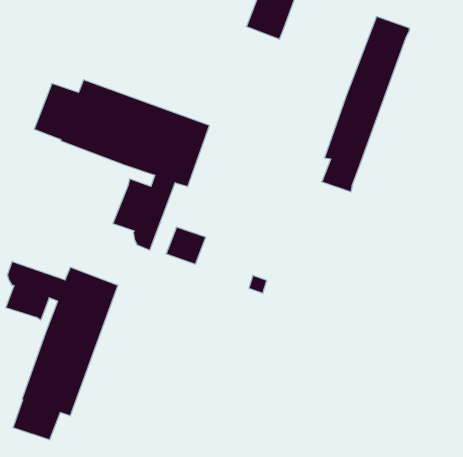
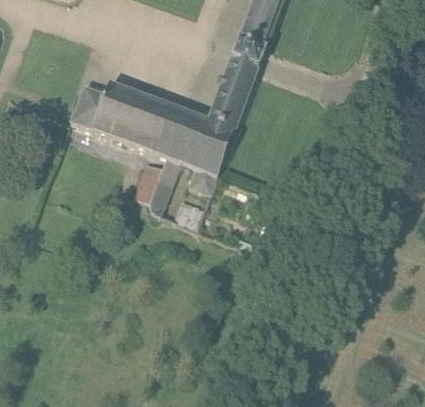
building: [322,17,410,192] -> [189,54,258,192]
building: [6,262,118,440] -> none

